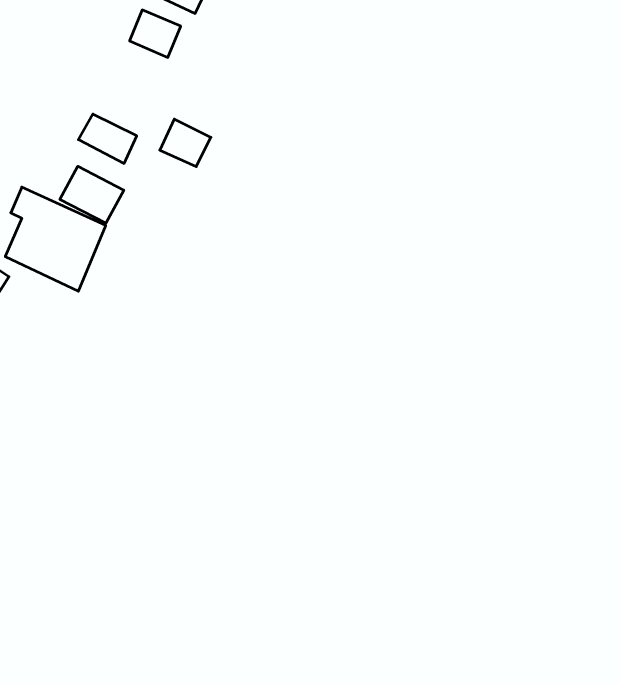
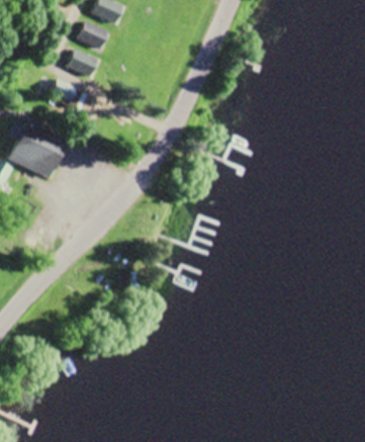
building: [160,119,211,167] -> [68,50,96,76]
building: [60,166,124,223] -> none

